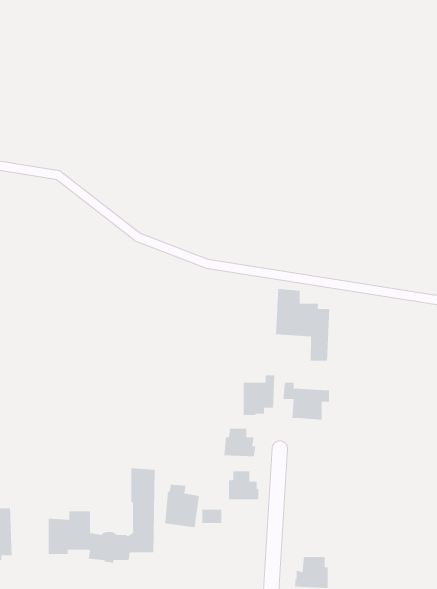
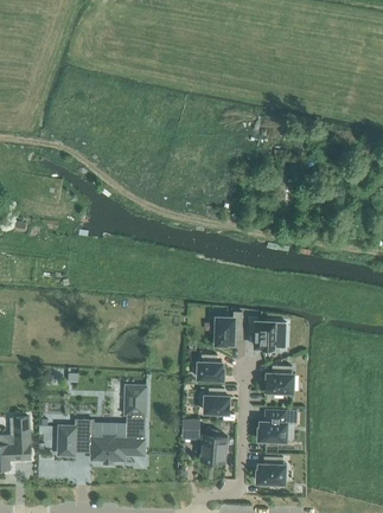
building: [275,288,330,361] -> none
building: none -> [267,365,294,392]
building: [164,484,200,528] -> [199,429,228,464]
building: none -> [261,408,288,441]

